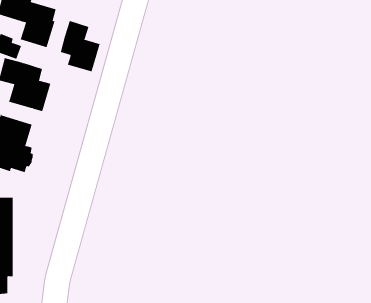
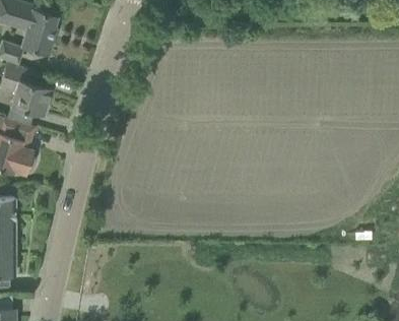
building: [60,20,101,72] -> none

